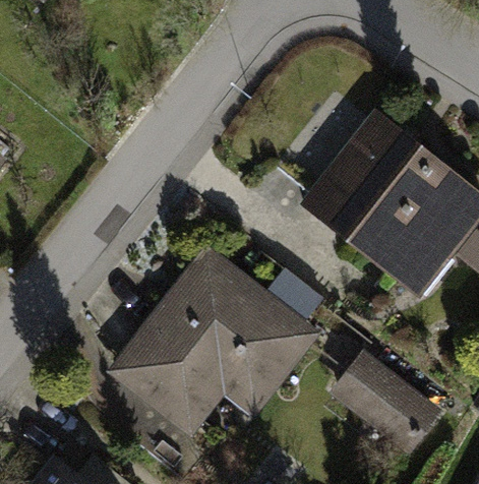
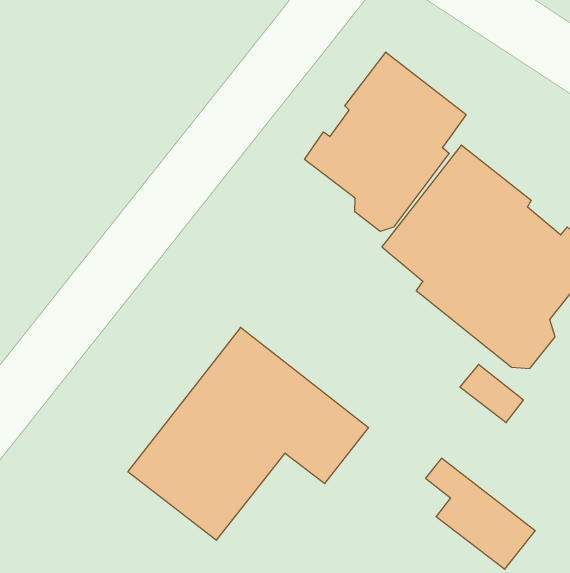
building: none -> [305,52,466,231]

